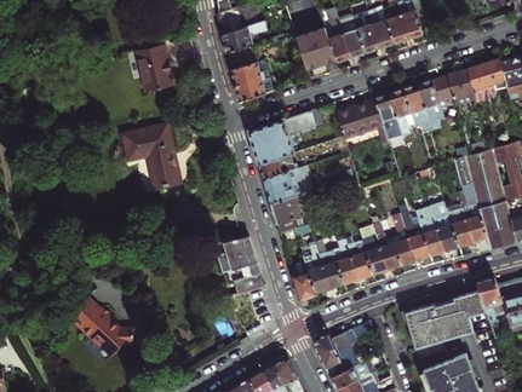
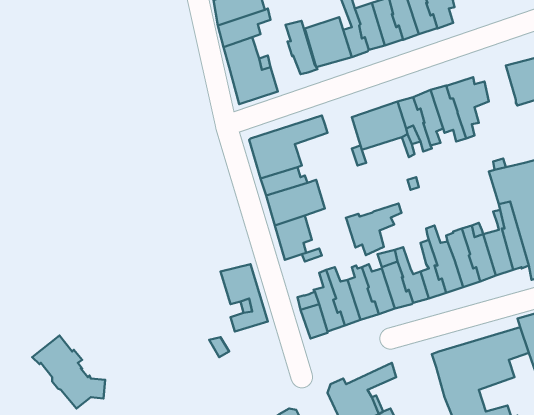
building: none -> [285,21,318,74]
building: [136,45,174,93] -> none
building: [446,69,475,105] -> none
building: [124,126,182,189] -> none
building: none -> [346,204,402,255]

